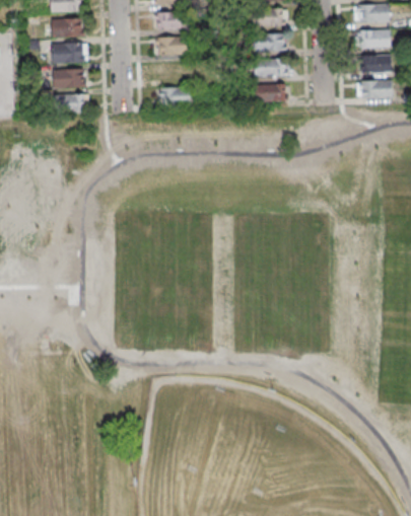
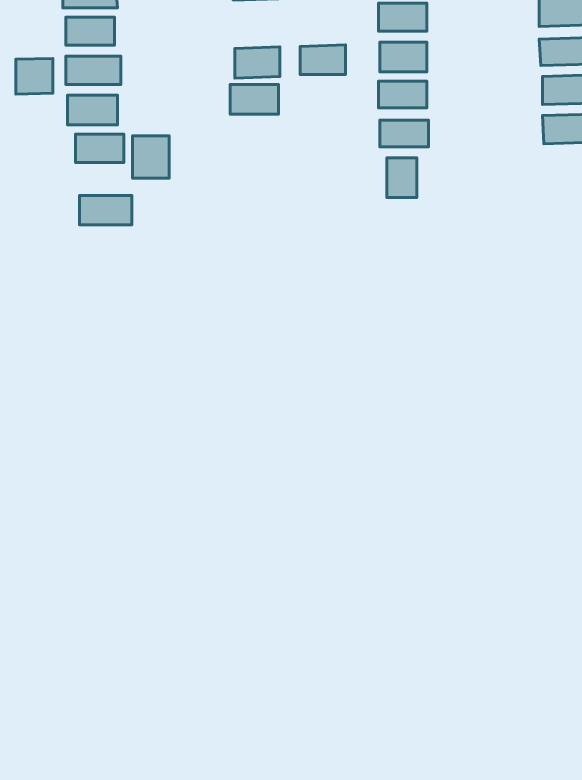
building: [158,12,188,31] -> [300,45,345,74]
building: none -> [16,58,53,94]
building: [160,88,191,107] -> none
building: none -> [132,136,169,178]
building: none -> [387,158,417,197]
building: none -> [80,196,132,225]

